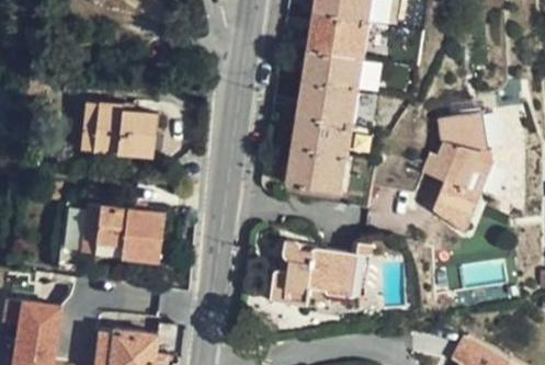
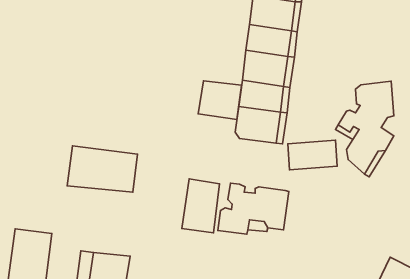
building: [87,96,162,153] -> none
building: none -> [198,81,242,120]
building: none -> [288,140,337,170]
building: none -> [182,179,219,233]

